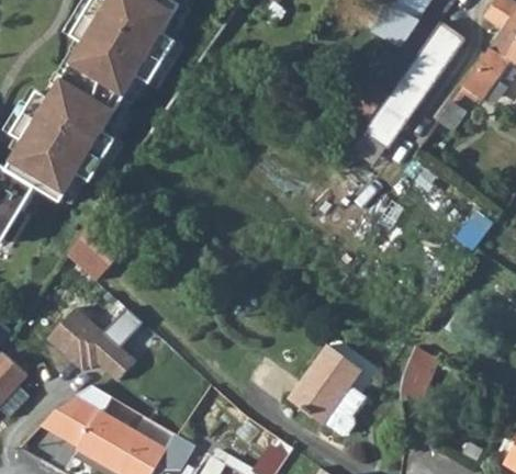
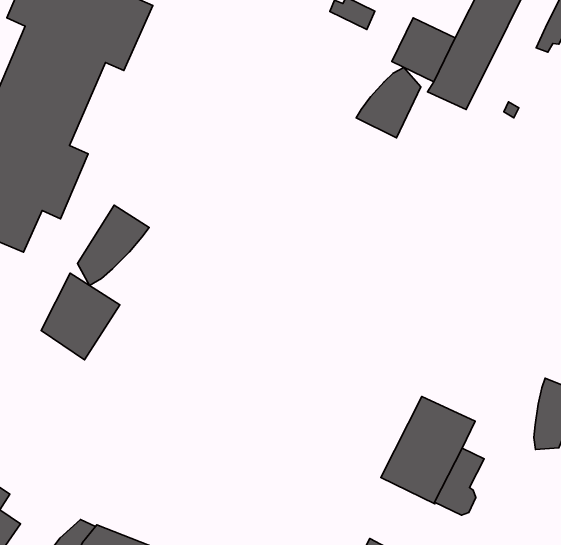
building: none -> [356,67,421,138]
building: none -> [78,205,149,285]
building: [44,309,138,382] -> none

